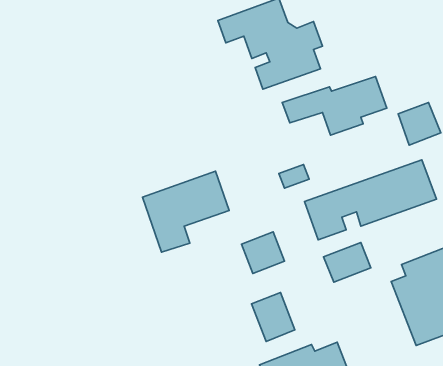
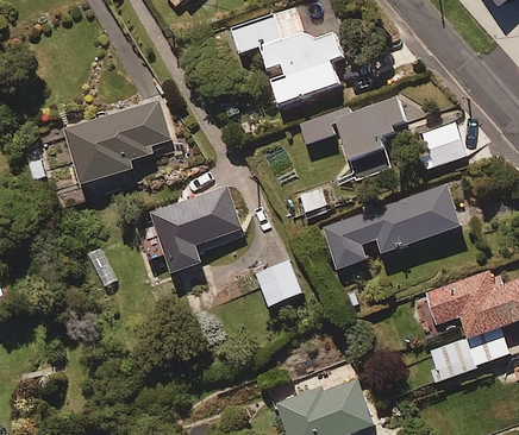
building: none -> [64,99,170,181]
building: [324,242,371,282] -> none
building: [252,292,295,341] -> none

